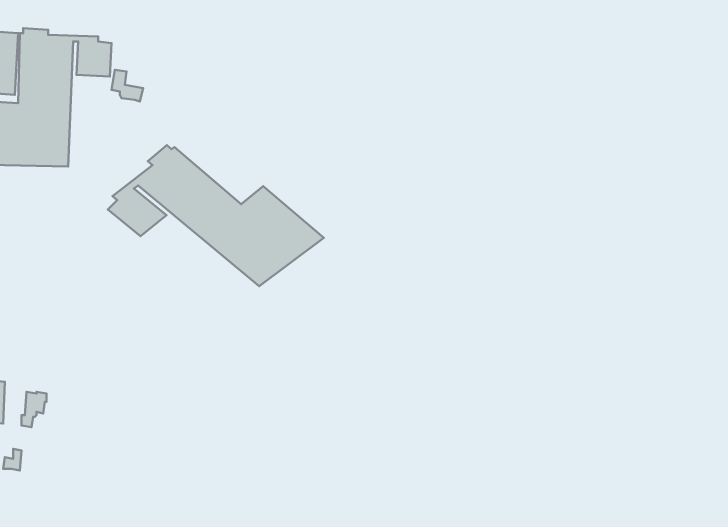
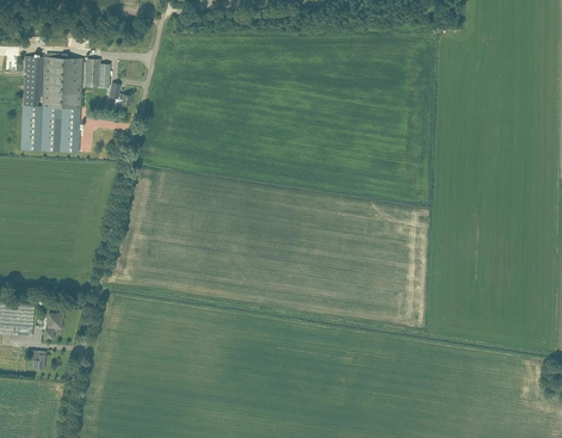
building: [108,145,324,286] -> none

